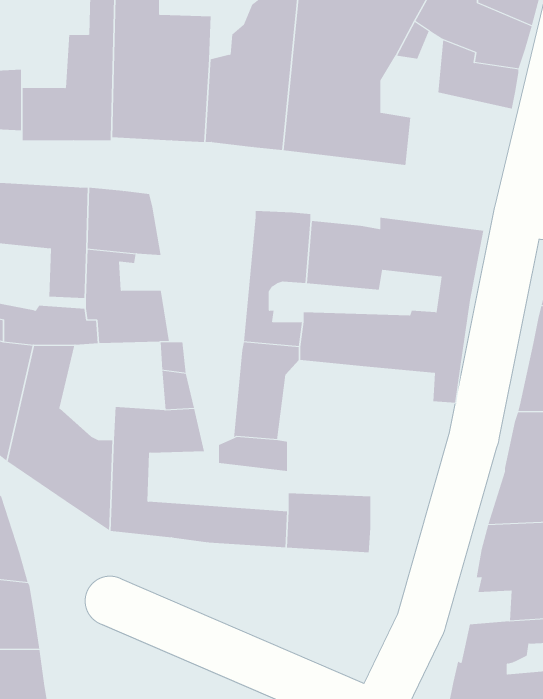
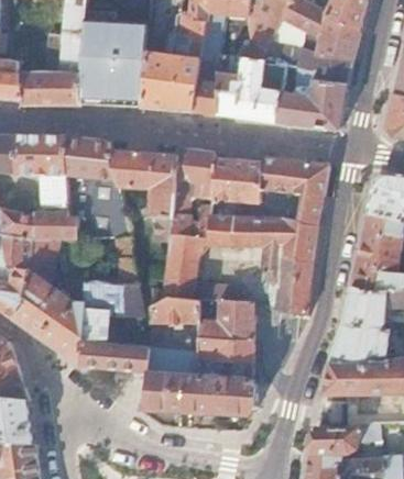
building: none -> [277,74,348,131]
building: none -> [110,149,177,244]
building: none -> [249,255,310,314]
building: none -> [199,303,255,341]
building: none -> [144,371,260,413]

